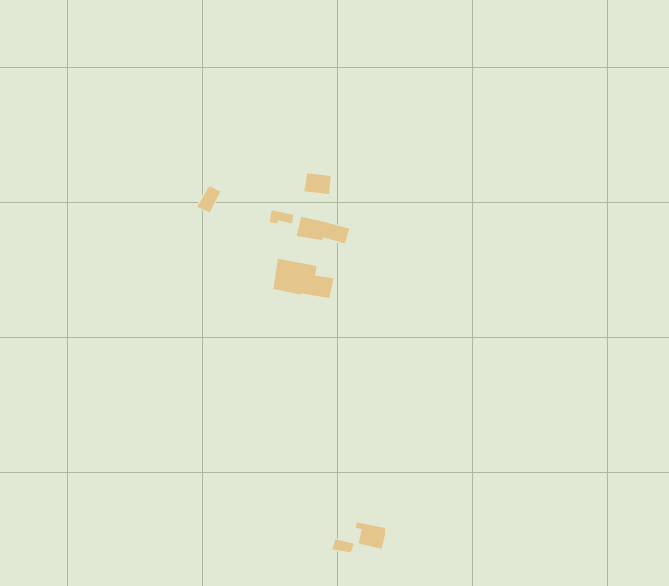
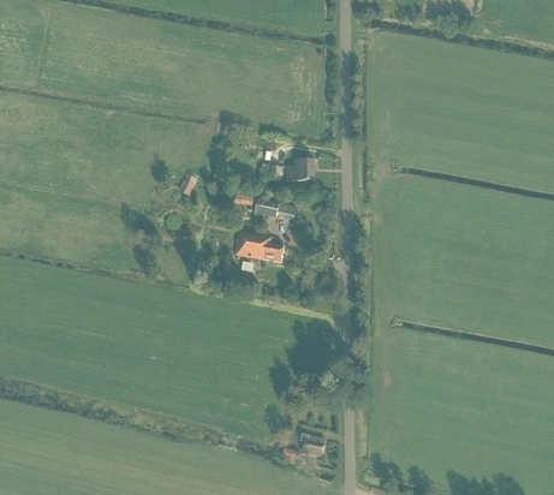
building: none -> [286,160,314,180]

